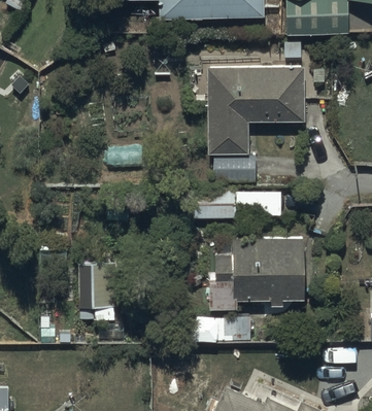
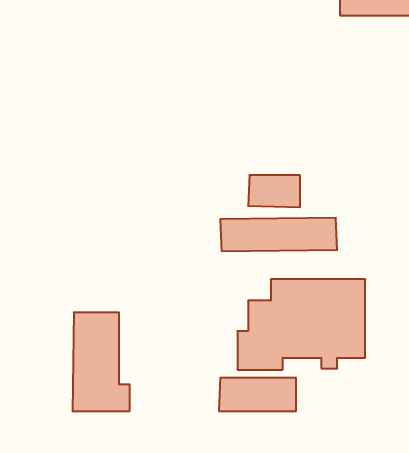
building: [210,66,306,153] -> none

